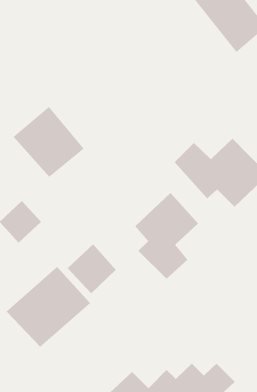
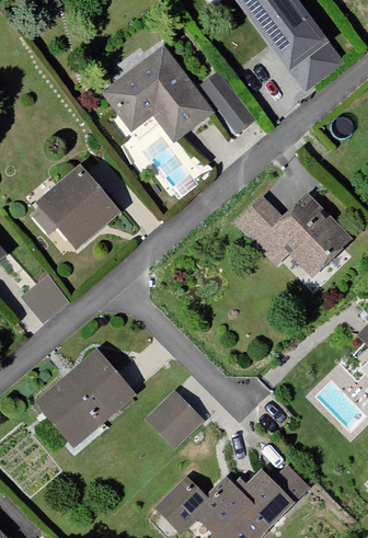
building: none -> [102,38,256,141]
building: [135,192,199,279] -> none
building: [67,244,117,294] -> [142,390,203,451]

